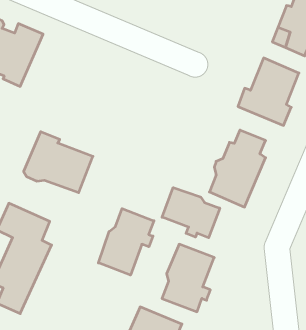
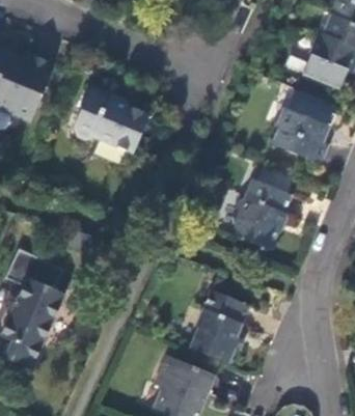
building: [24,132,93,193] -> [73,84,148,150]
building: [162,188,220,238] -> none
building: [98,209,154,275] -> none

